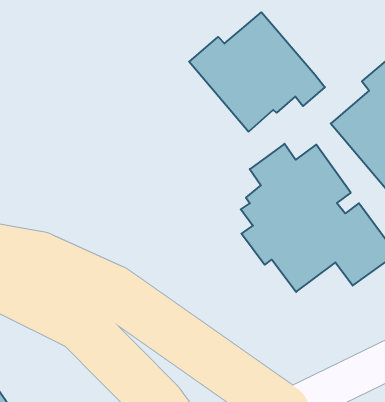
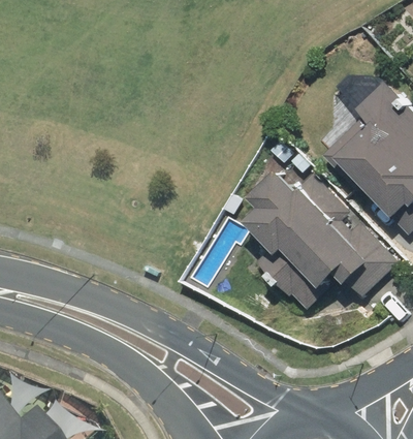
building: [189,12,325,132] -> none

